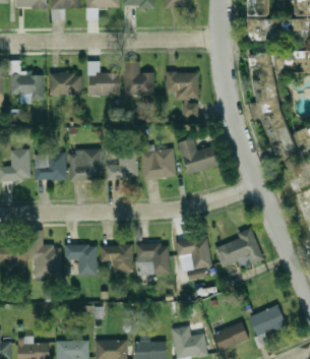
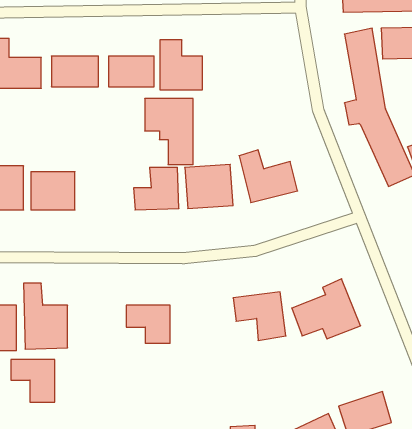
building: [165,72,198,118] -> [145,99,193,165]
building: [70,149,101,180] -> none
building: [137,244,169,275] -> none
building: [65,246,96,276] -> [11,360,55,402]

